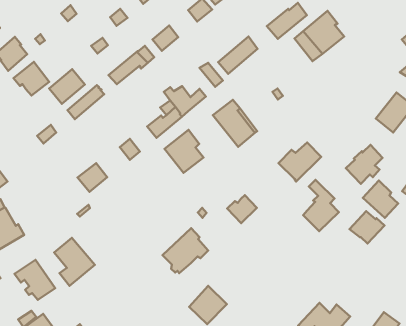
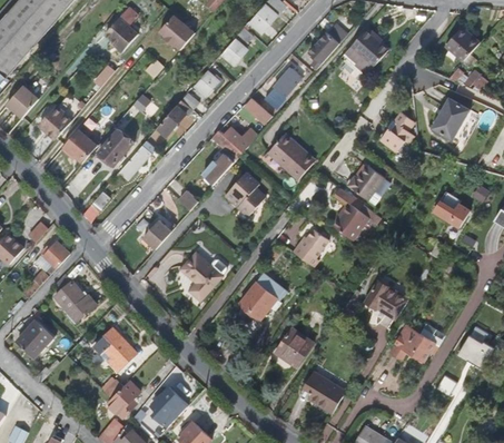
building: [346,145,383,184] -> [379,110,415,151]
building: [303,180,339,231] -> [332,188,367,239]
building: [349,211,384,243] -> none
building: [54,238,95,286] -> [178,253,221,302]
building: none -> [366,279,407,316]

